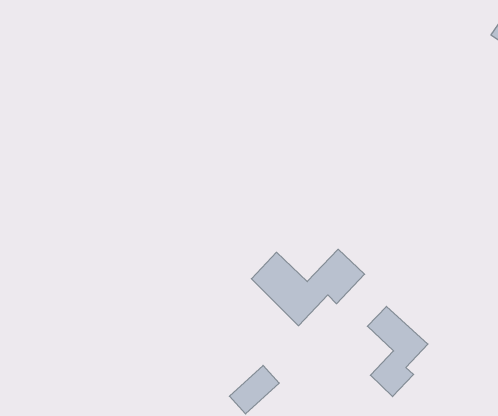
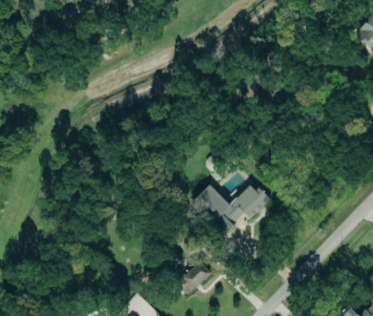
building: [367,306,428,397] -> none

